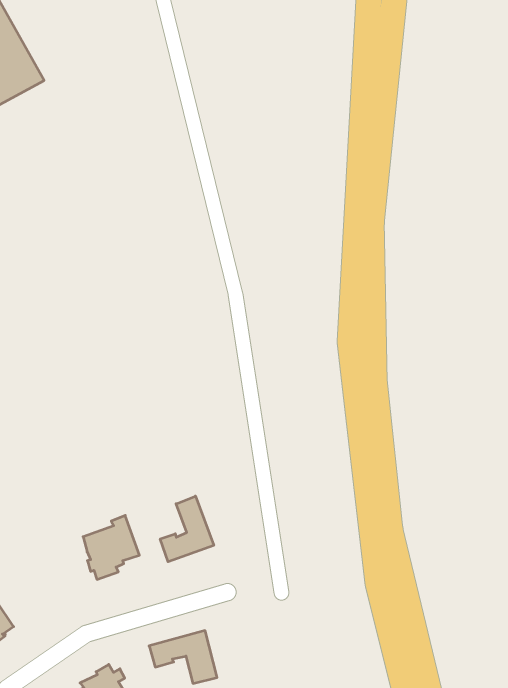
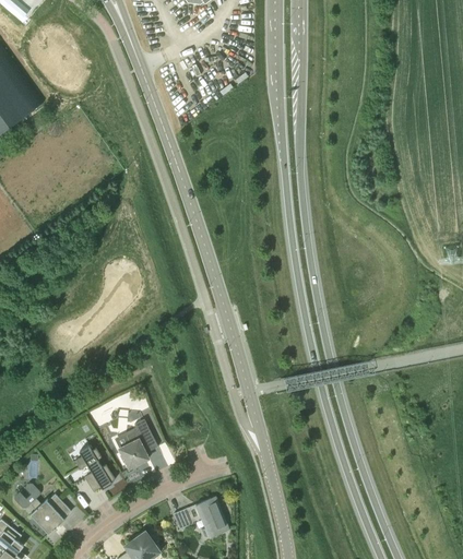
building: [160,496,214,562] -> none
building: none -> [73,445,114,491]

